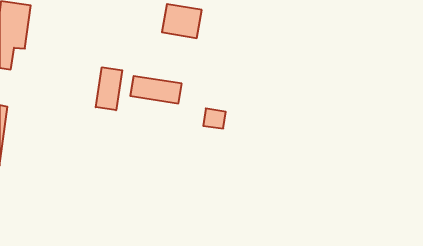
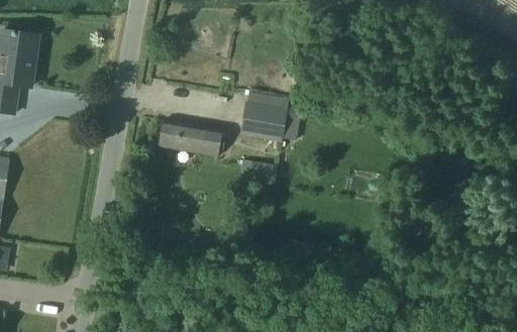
building: [162,4,202,38] -> [238,101,287,142]
building: [96,67,122,110] -> none

